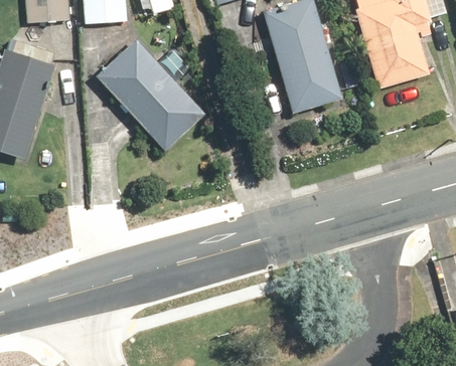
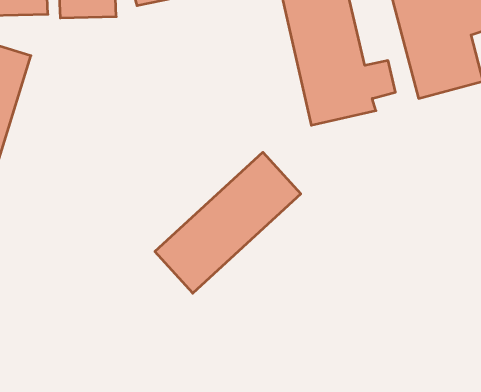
building: [97,37,205,148] -> none
building: none -> [155,152,301,293]

